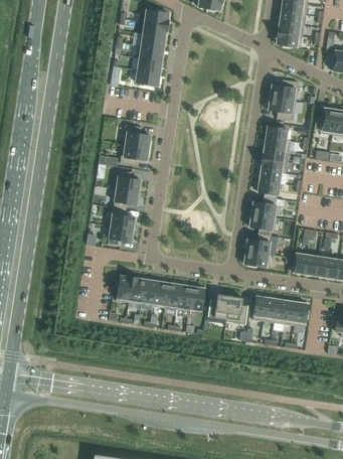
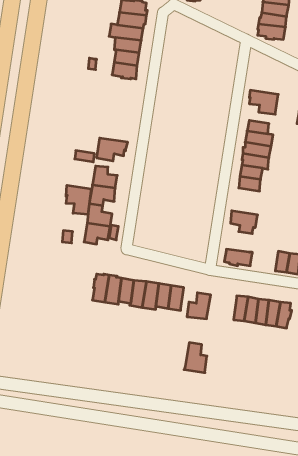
building: [269,81,299,102] -> none
building: [123,125,151,148] -> none
building: none -> [66,185,91,215]
building: [250,197,278,218] -> none
building: [245,235,278,256] -> none
building: [225,296,247,325] -> [184,343,207,373]

